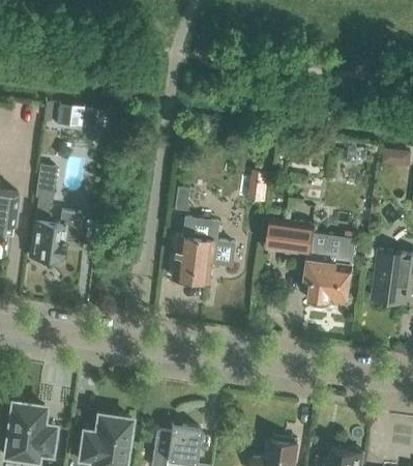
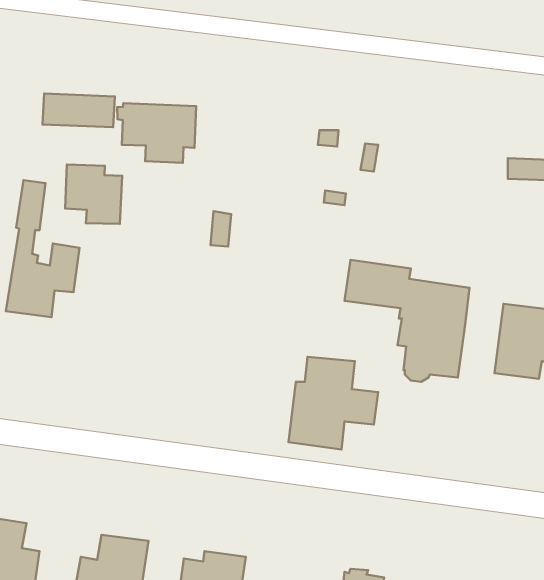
building: none -> [117,103,196,163]
building: none -> [65,164,122,224]
building: [172,217,235,283] -> [288,357,378,449]

